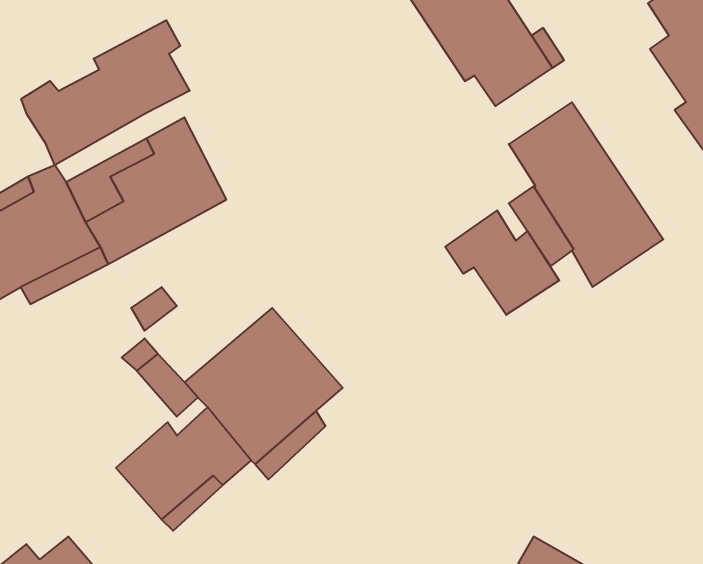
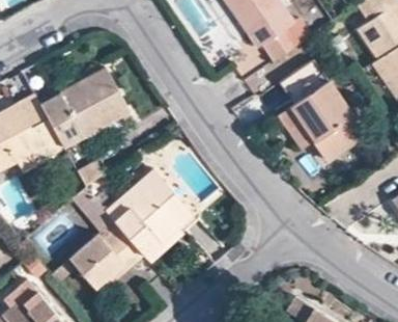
building: [21,20,190,165] -> none
building: [445,210,559,315] -> none

